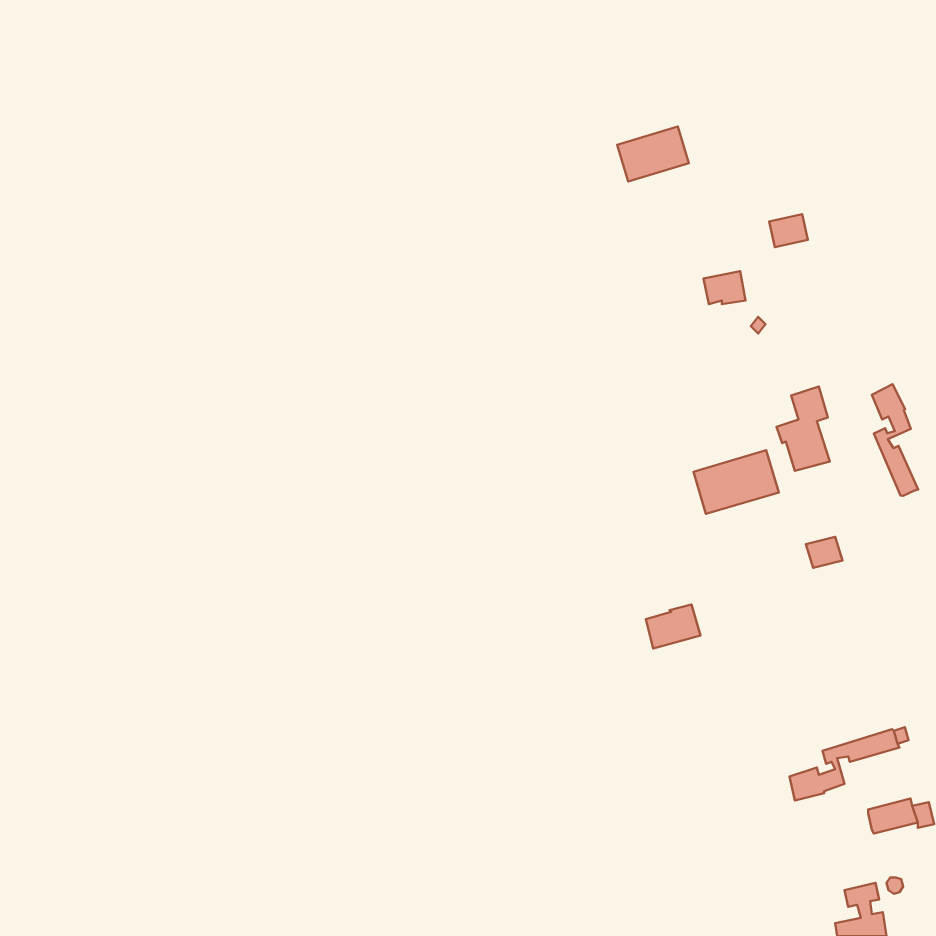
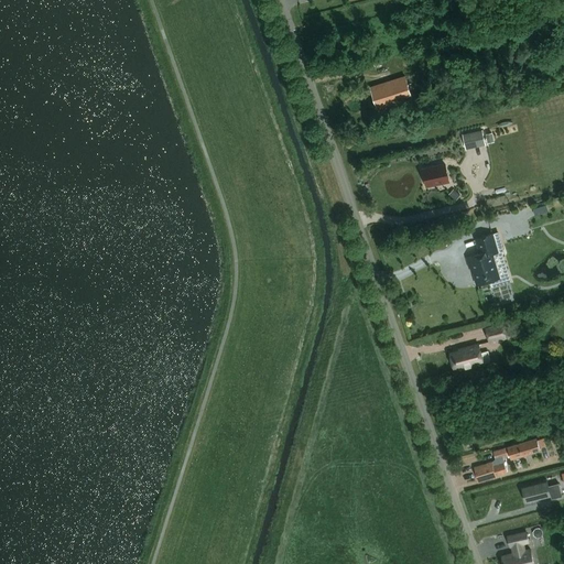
building: [872,384,918,496] -> none
building: [693,450,779,514] -> none
building: [646,605,701,648] -> [451,344,484,370]

